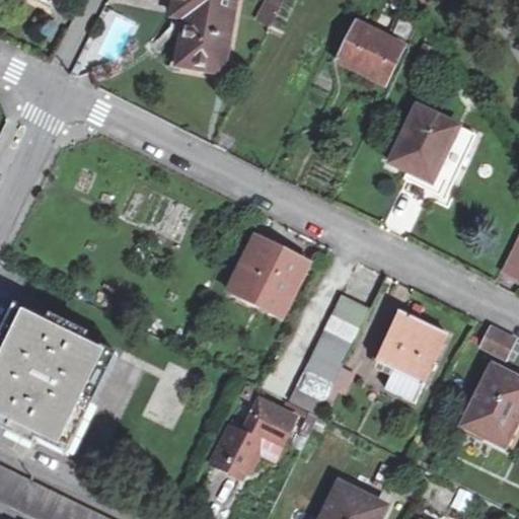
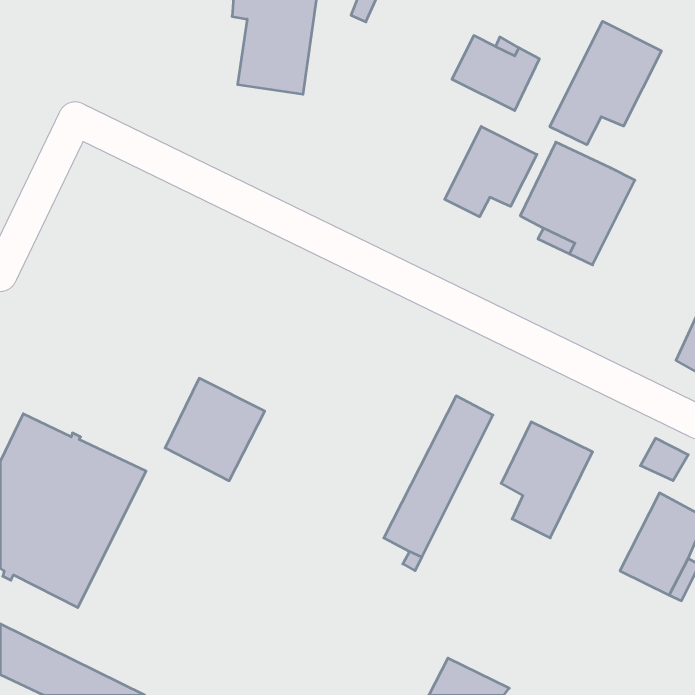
building: none -> [550,21,661,145]
building: none -> [445,126,537,217]
building: [231,240,305,316] -> [165,378,265,481]
building: [205,396,295,475] -> none

